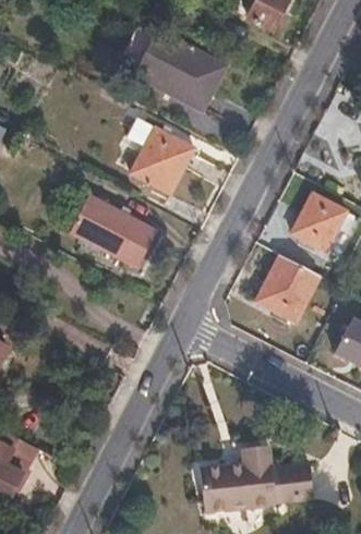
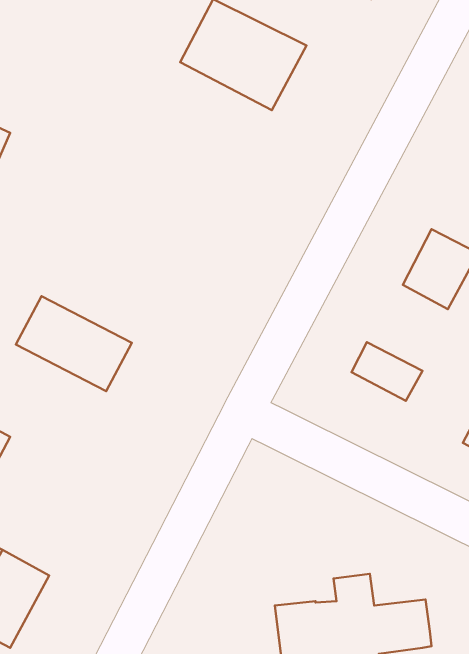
building: [130,126,192,191] -> none
building: [71,196,155,265] -> [16,296,132,391]
building: [267,254,320,299] -> none

